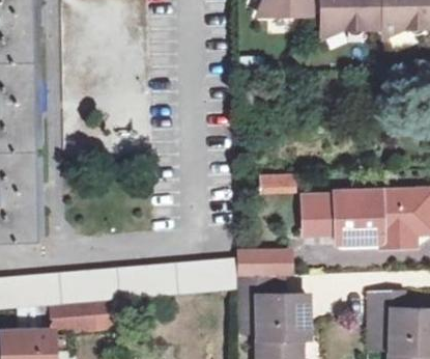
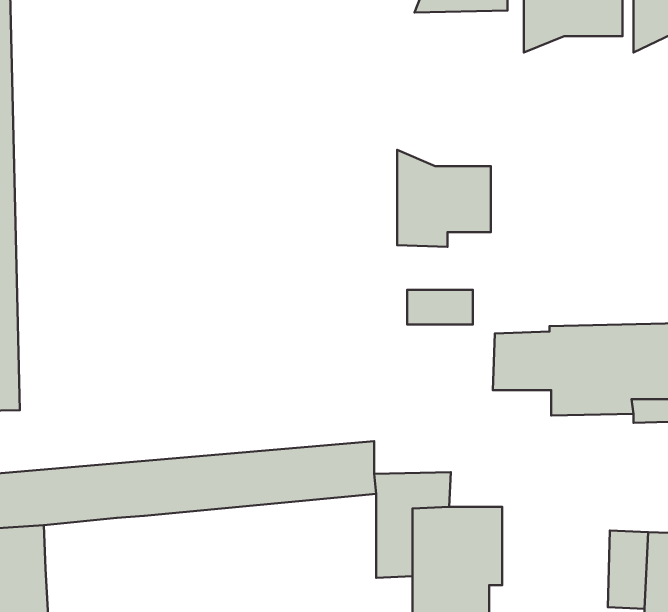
building: none -> [397,150,491,247]
building: [241,248,289,274] -> none
building: [51,300,111,330] -> none

